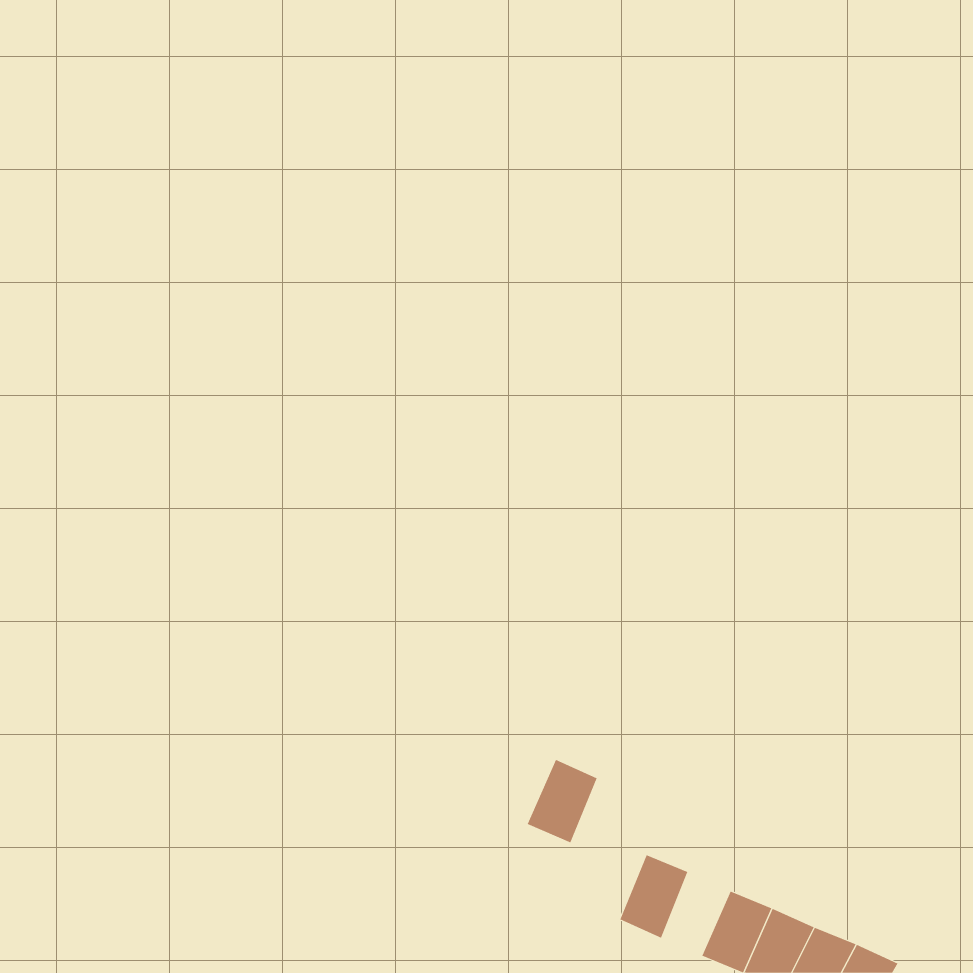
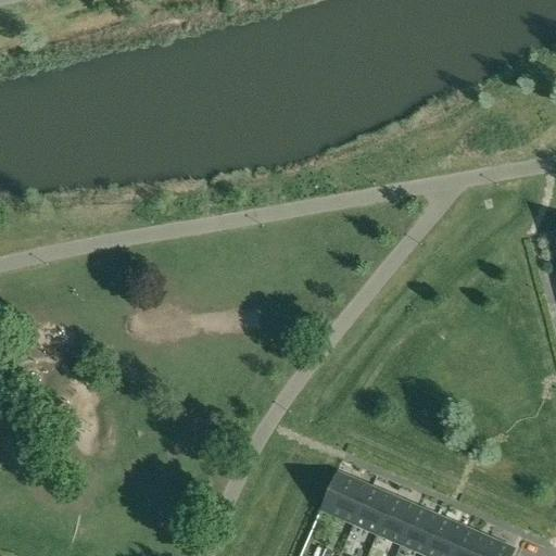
building: [527,759,597,843] -> [327,475,367,522]
building: none -> [376,495,415,543]

